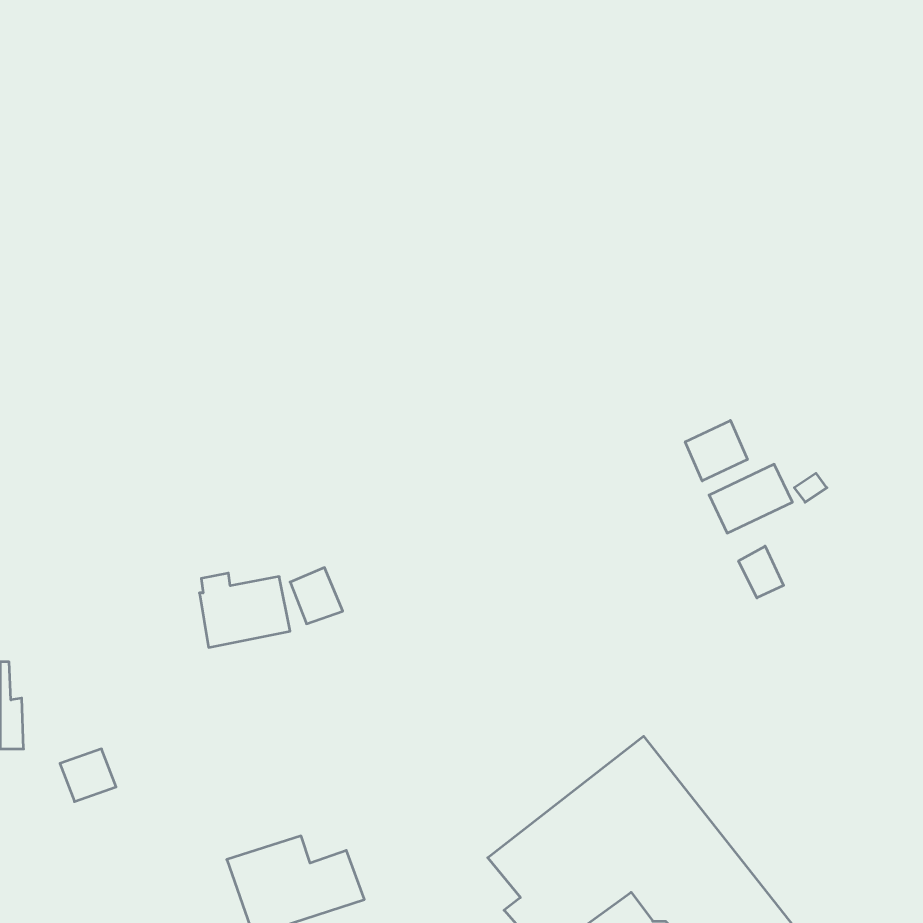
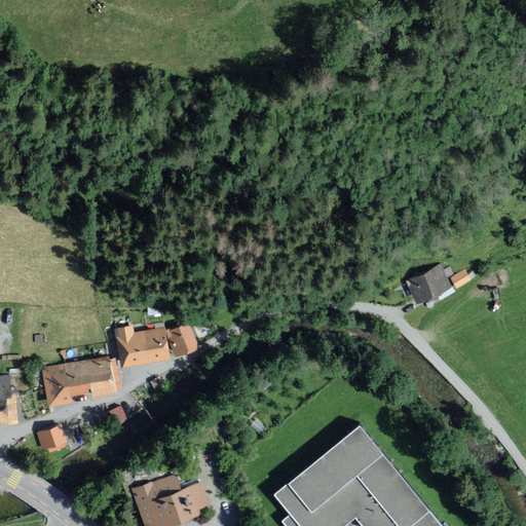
building: [685,420,747,481] -> none
building: [739,546,784,598] -> none
building: none -> [39,359,120,408]

